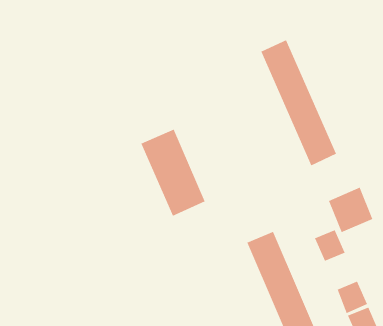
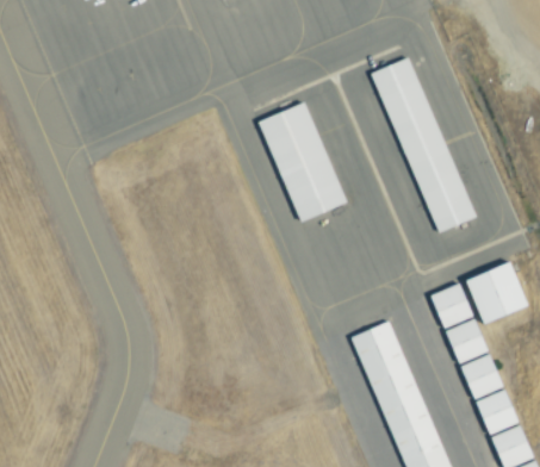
building: [140,129,205,216] -> [256,102,346,223]
building: none -> [429,284,472,329]
building: none -> [460,354,502,399]

